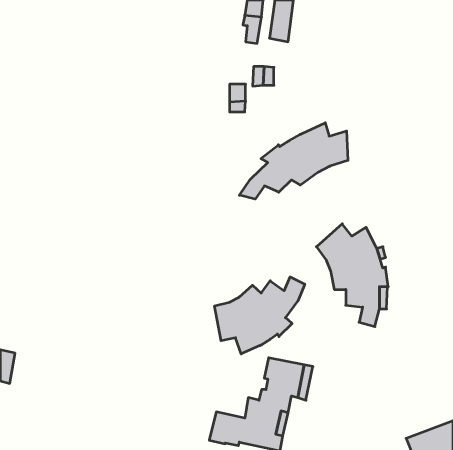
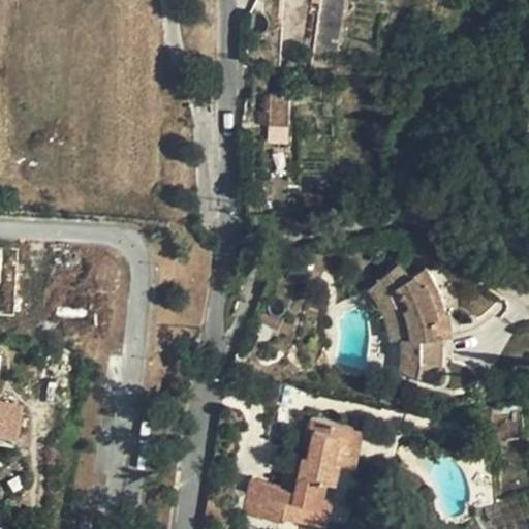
building: [239,123,348,199] -> none
building: [215,277,305,354] -> none

